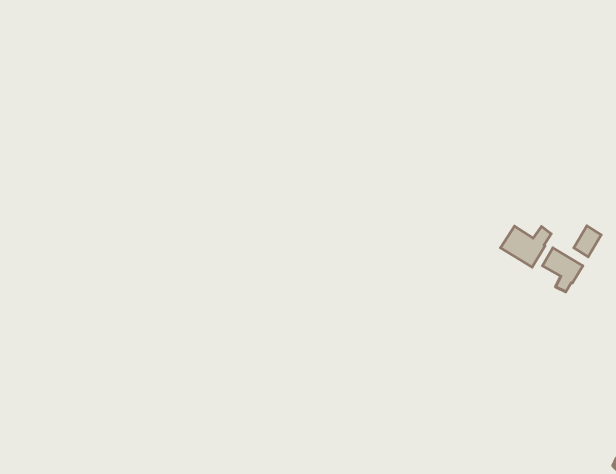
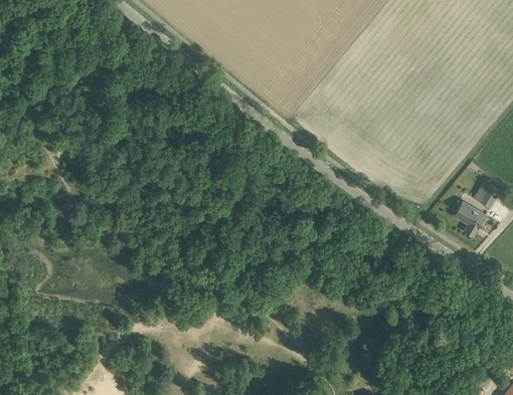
building: [501,226,551,267] -> none

